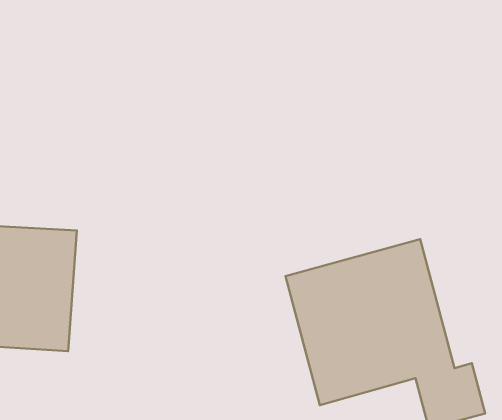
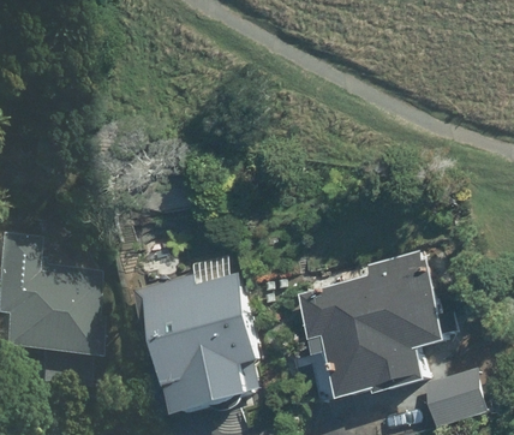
building: none -> [143,258,270,412]

